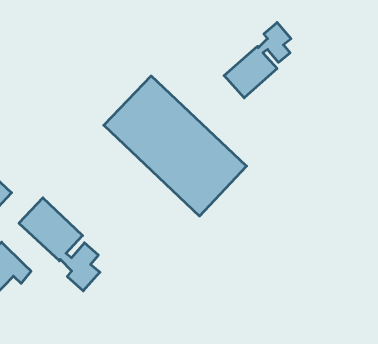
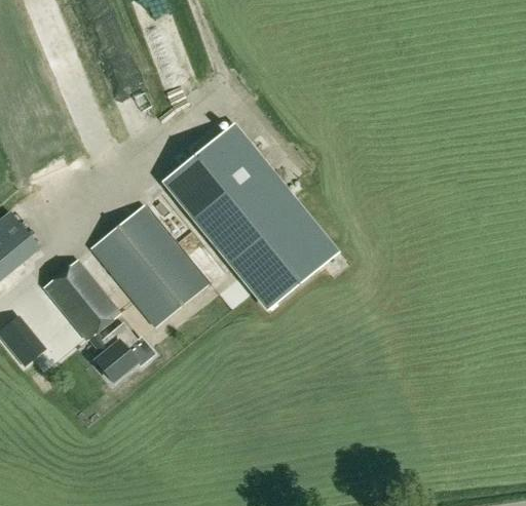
building: [224,22,291,98] -> none
building: none -> [91,206,208,326]

